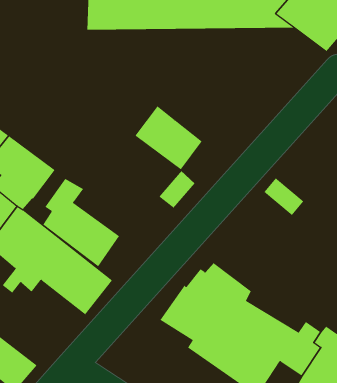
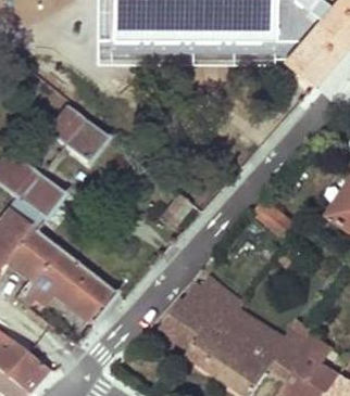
building: [134,106,203,170] -> [47,103,109,162]
building: [42,178,120,267] -> none

